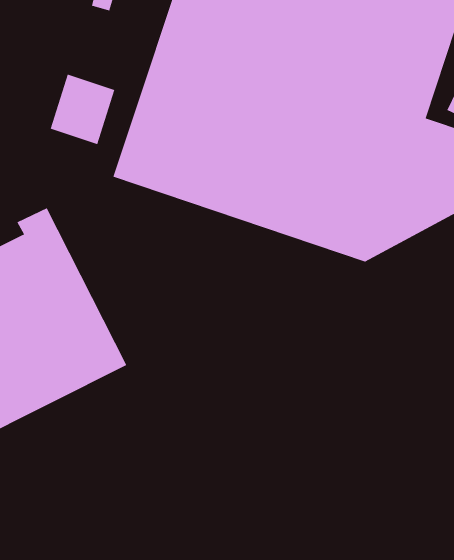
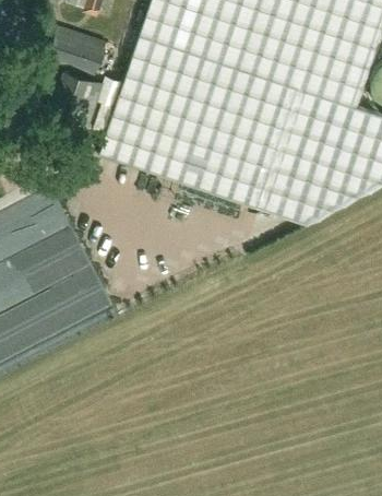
building: none -> [47,26,106,74]

